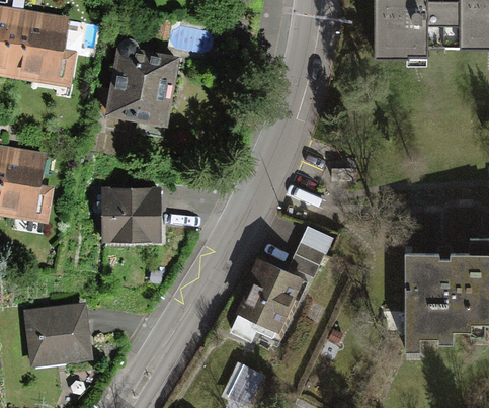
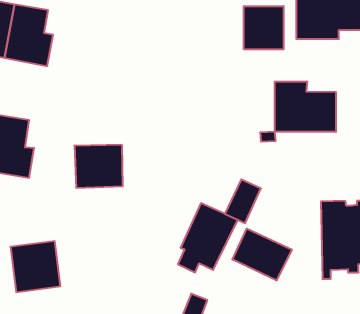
building: none -> [244,6,284,49]
building: [109,47,178,125] -> none
building: none -> [275,81,336,132]
building: none -> [232,229,292,281]

